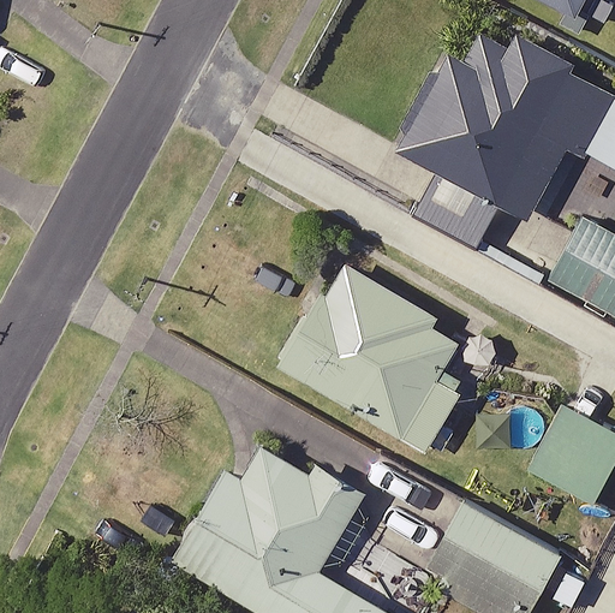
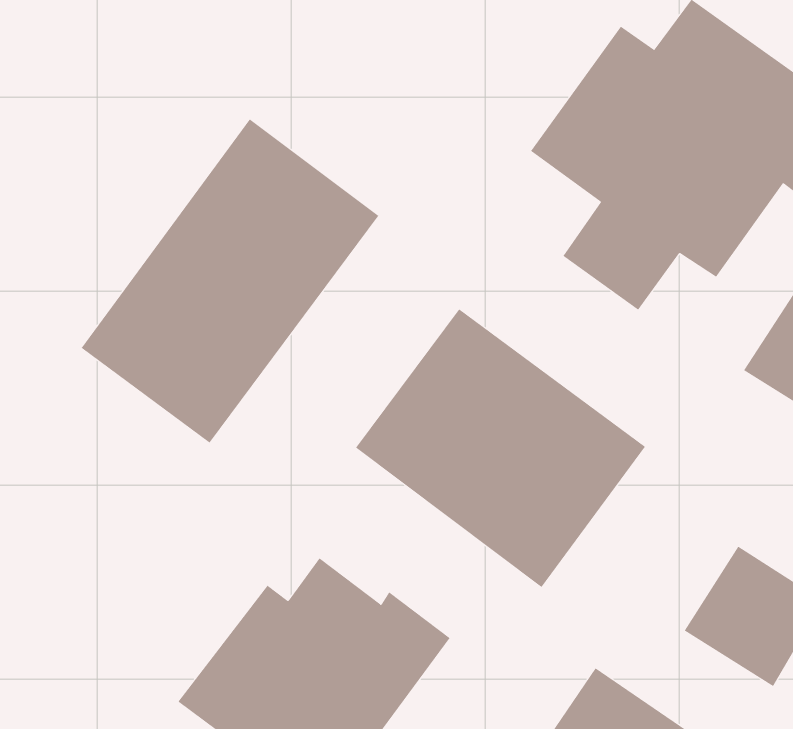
building: none -> [81,119,379,444]

